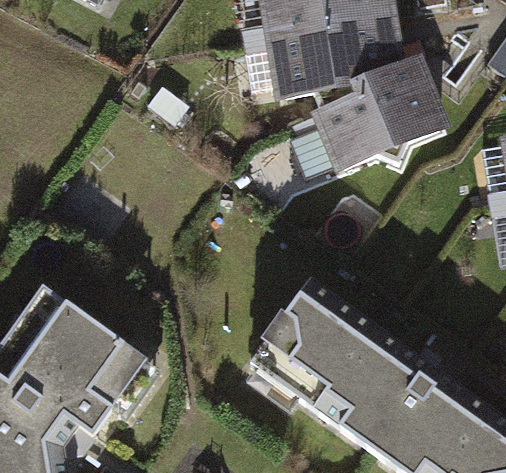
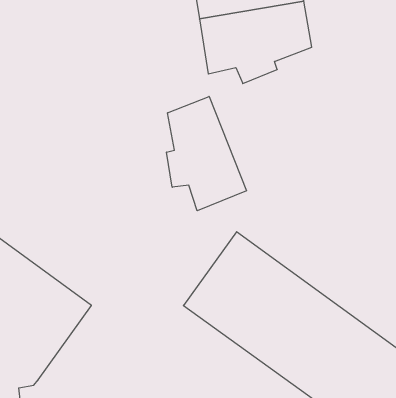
building: [317,64,438,169] -> none
building: none -> [167,96,246,211]

